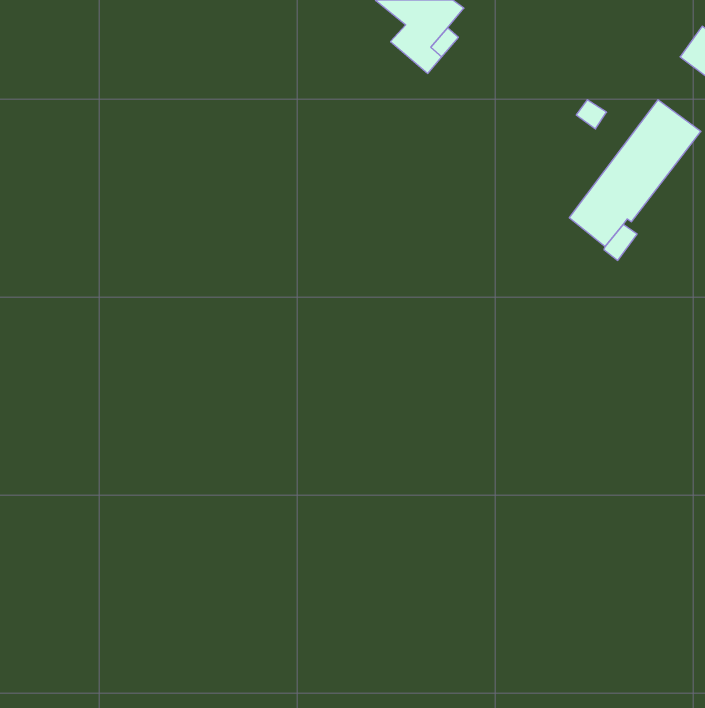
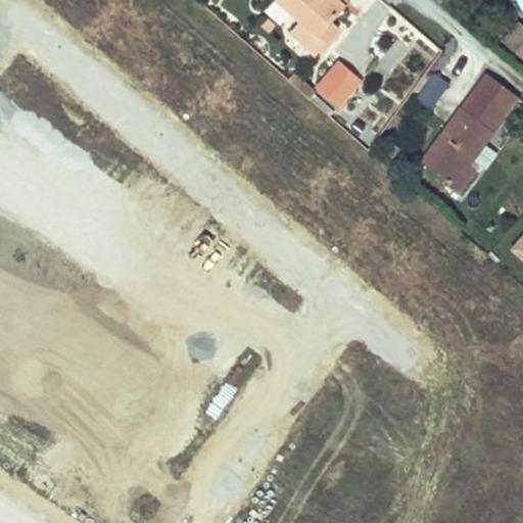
building: none -> [319,63,361,104]

